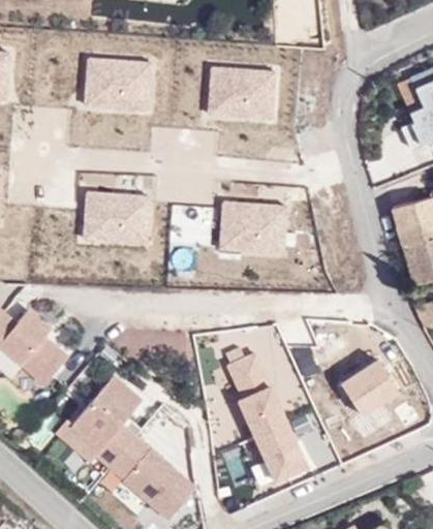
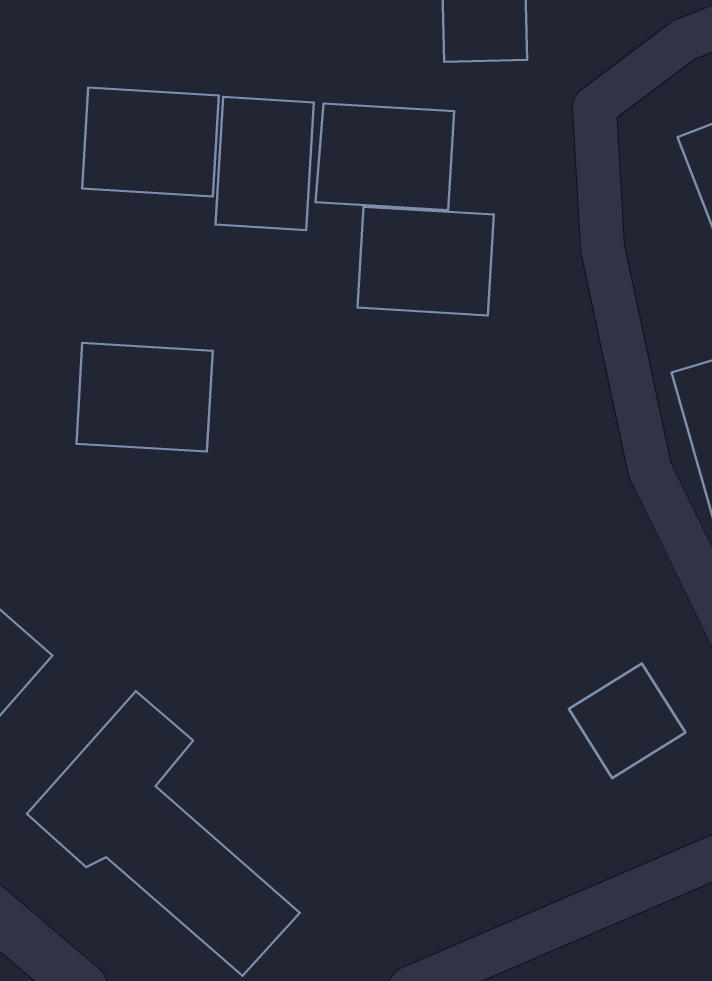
building: none -> [216,97,314,230]
building: [219,199,290,256] -> [357,207,494,316]
building: [227,351,309,486] -> none

